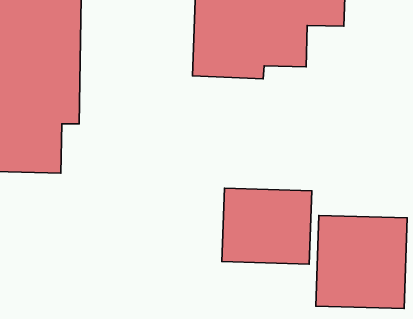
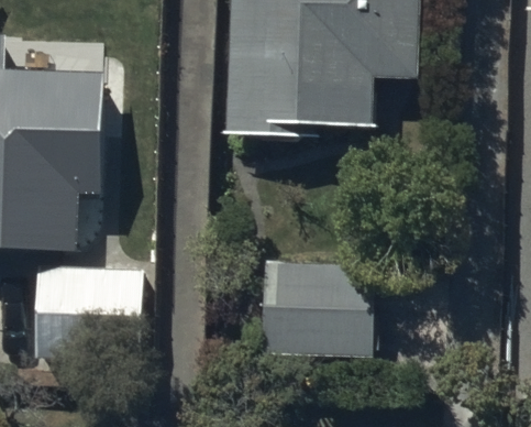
building: none -> [38,269,146,361]
building: [316,216,407,308] -> none

